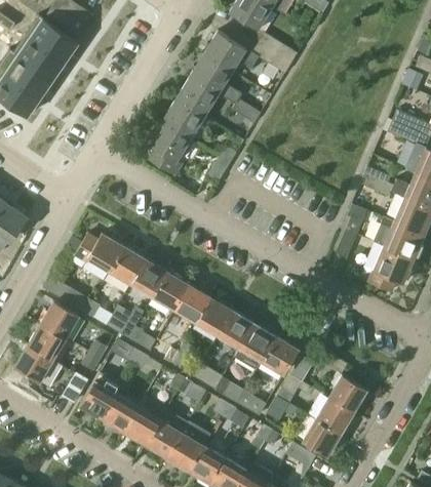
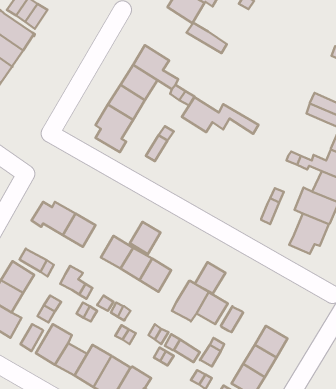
building: [204,33,291,75] -> [182,97,258,134]
building: [133,260,168,297] -> [130,222,161,254]
building: [220,312,254,348] -> [195,262,226,294]

